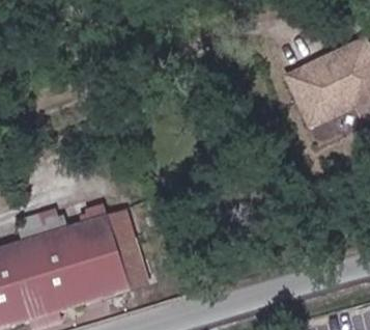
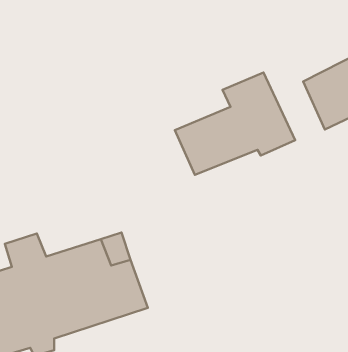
building: none -> [175,72,295,175]

